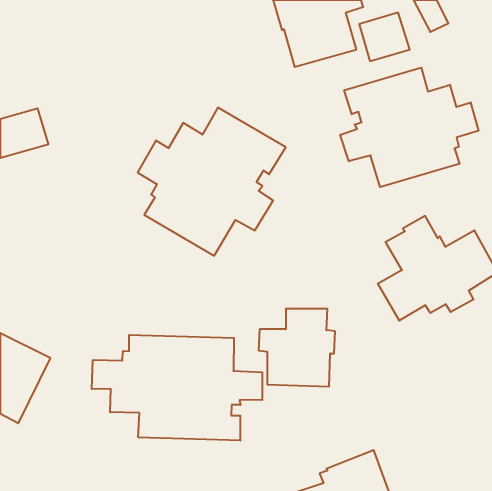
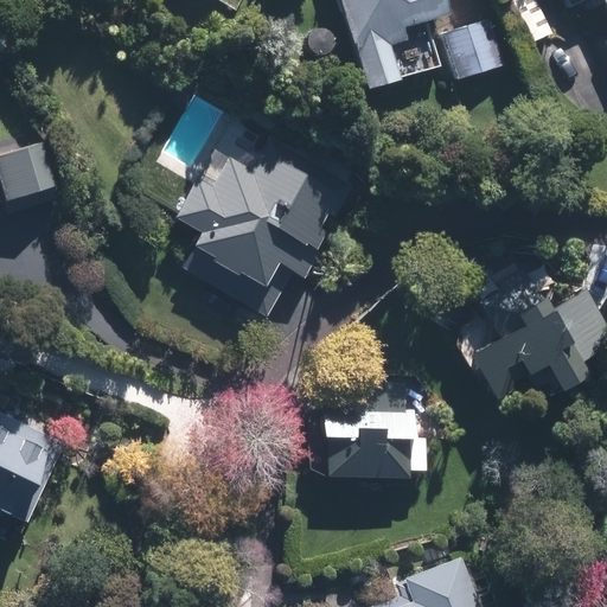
building: [340,68,479,187] -> none
building: [92,335,262,441] -> none

